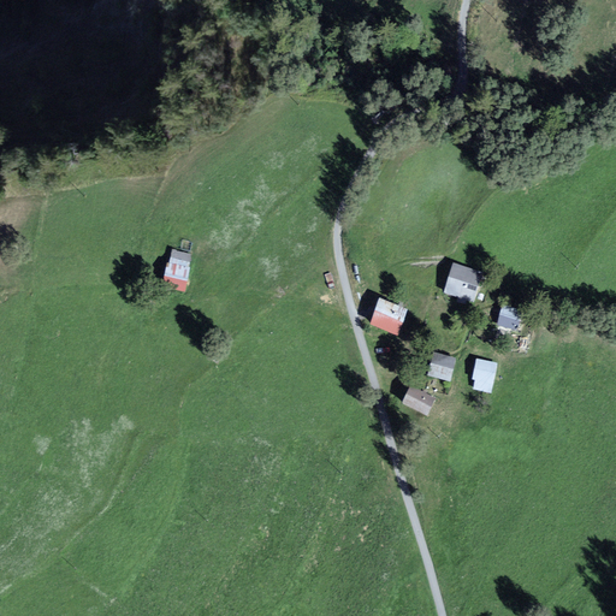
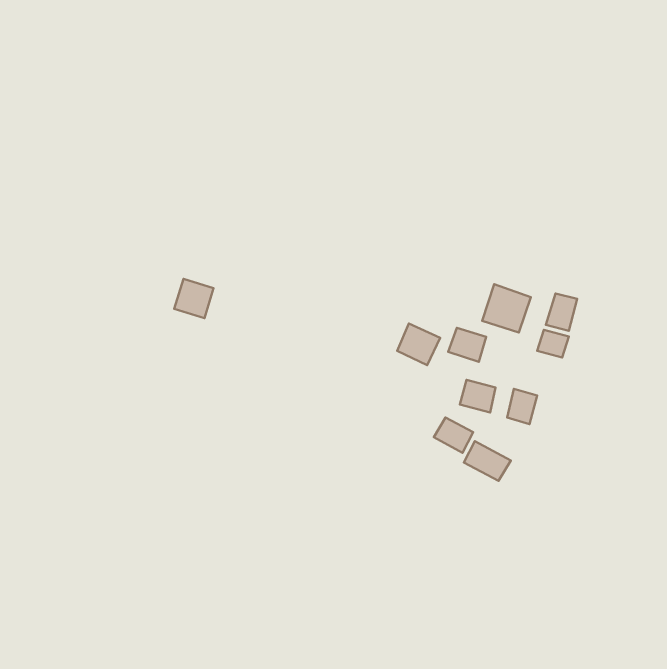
building: none -> [546,294,577,331]
building: none -> [448,328,486,362]
building: none -> [464,441,511,481]

